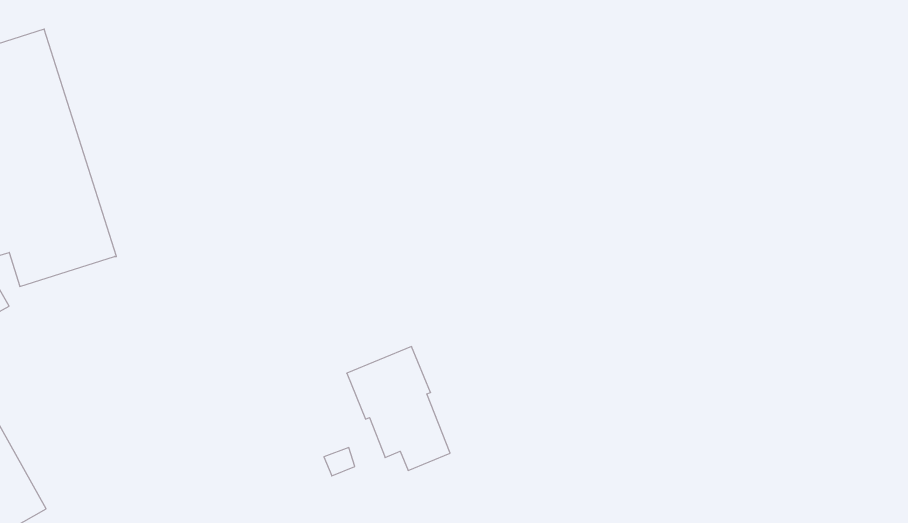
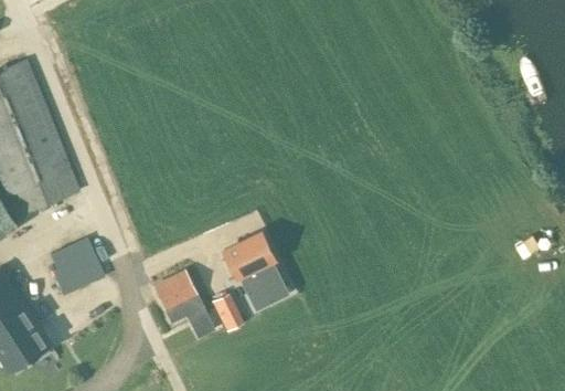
building: none -> [51,239,105,296]
building: none -> [154,273,206,324]

